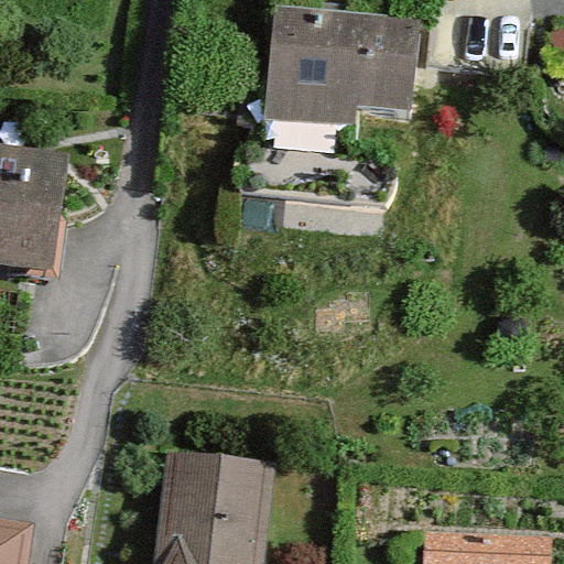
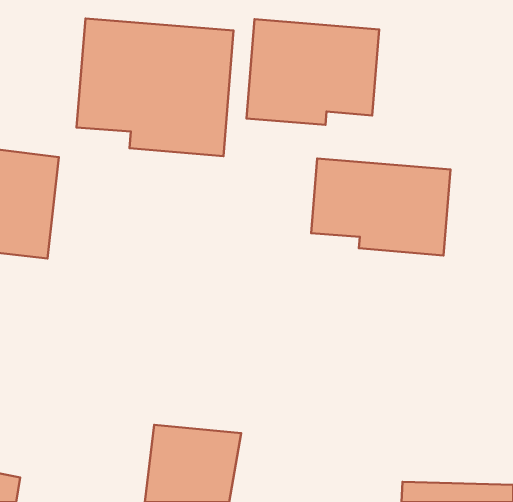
building: none -> [77,19,234,156]
building: none -> [311,159,451,255]

